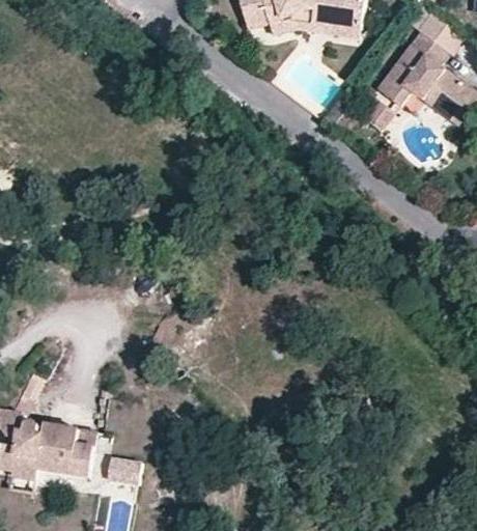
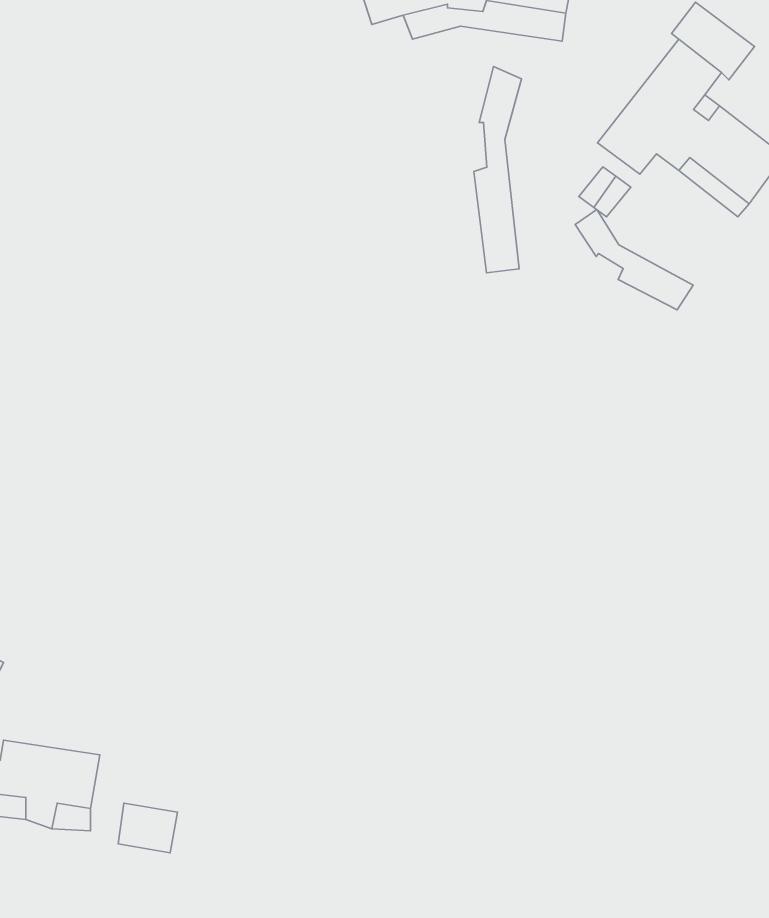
building: none -> [474,66,521,273]
building: none -> [575,210,693,310]

